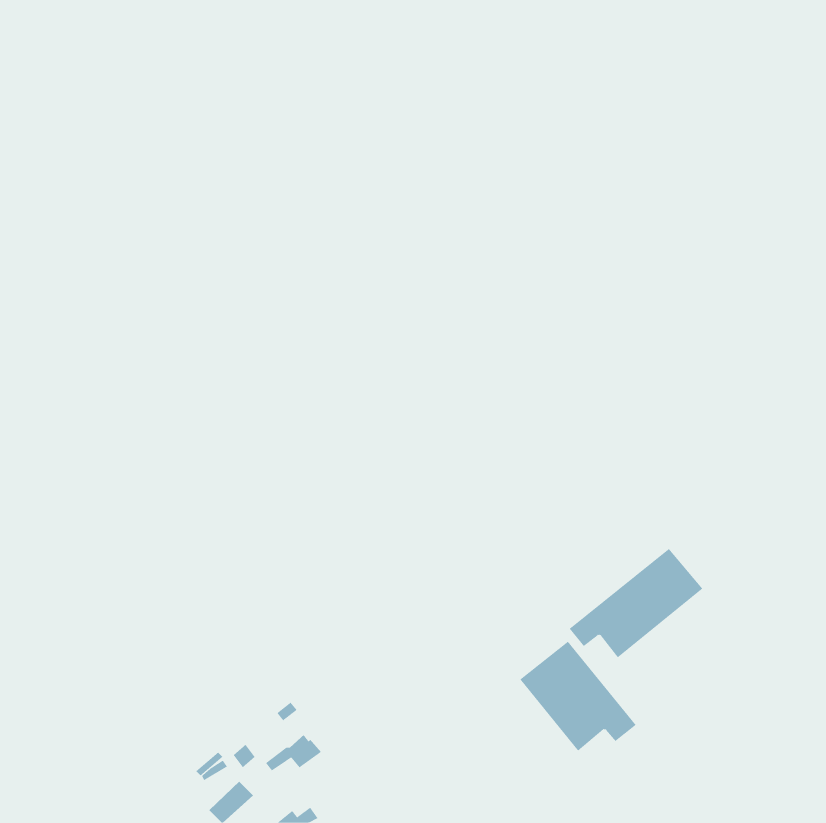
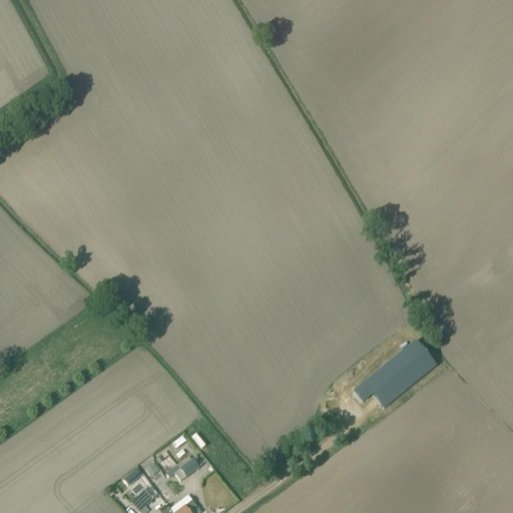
building: [519,641,637,751] -> none

